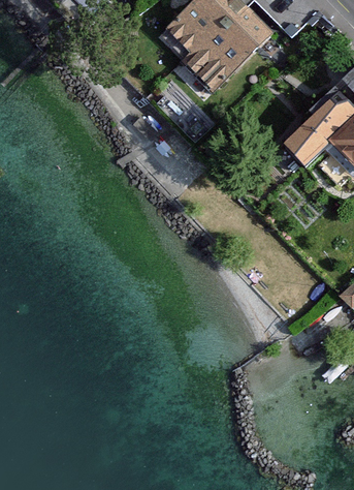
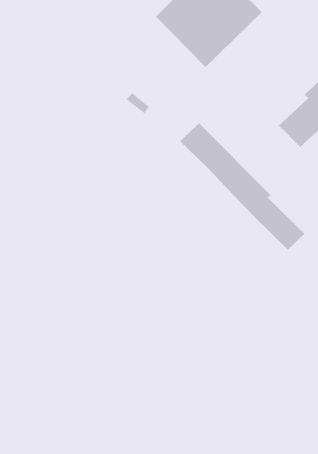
building: none -> [179,122,305,250]

